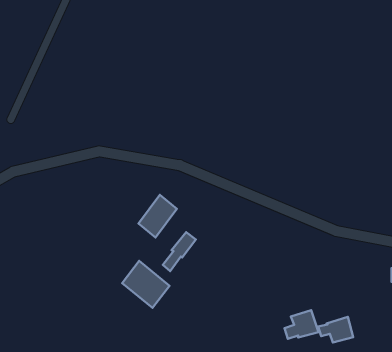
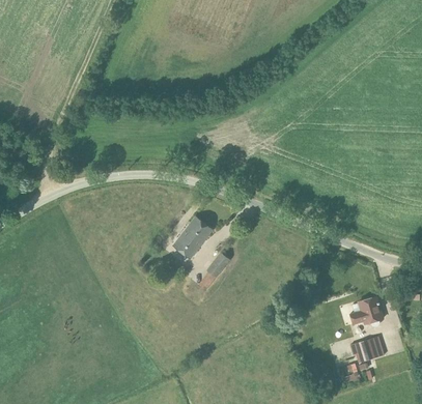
building: [122,261,169,308] -> none
building: [285,310,319,339] -> [350,296,384,324]

